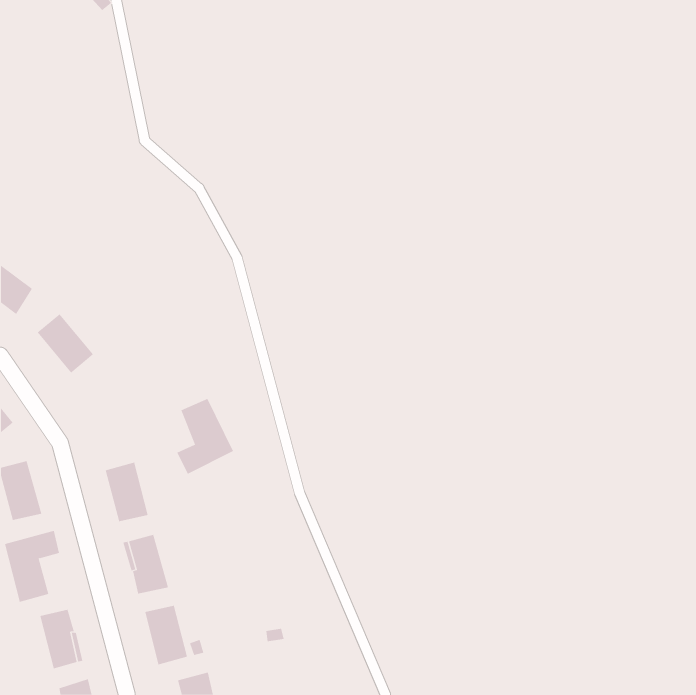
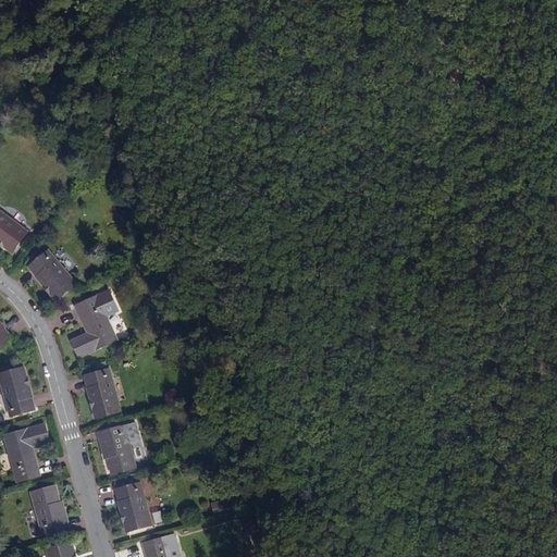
building: [177,398,234,474] -> [72,296,117,357]

